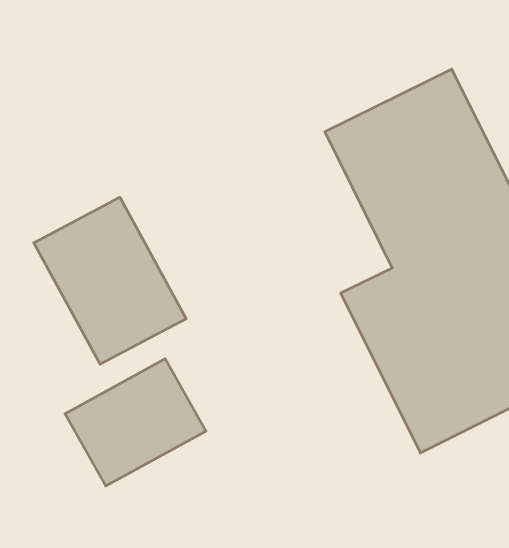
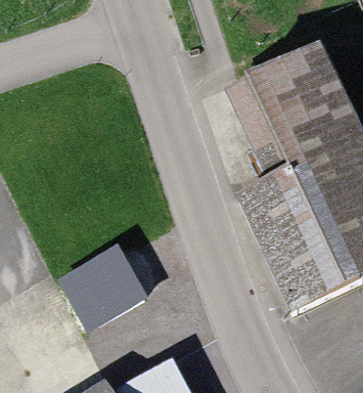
building: [34,197,186,364] -> none

